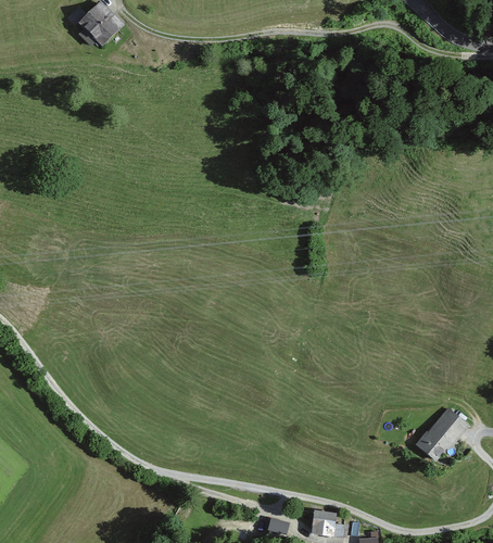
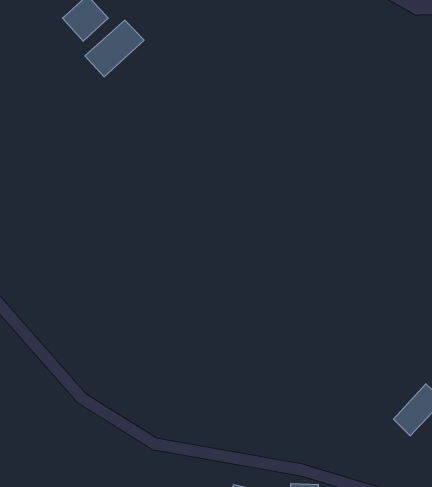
building: none -> [85,20,144,77]

